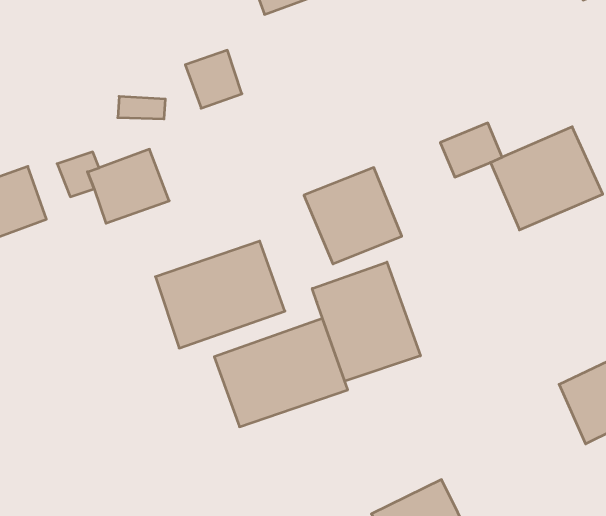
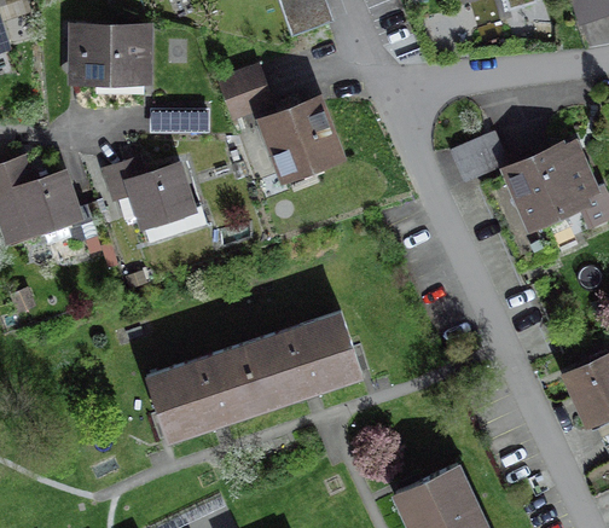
building: none -> [71,30,157,99]
building: [304,168,402,264] -> [250,93,340,181]
building: [155,241,285,348] -> [147,347,266,445]
building: [312,262,420,381] -> none

